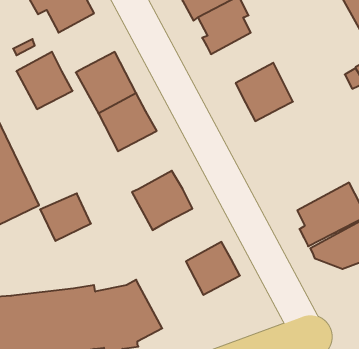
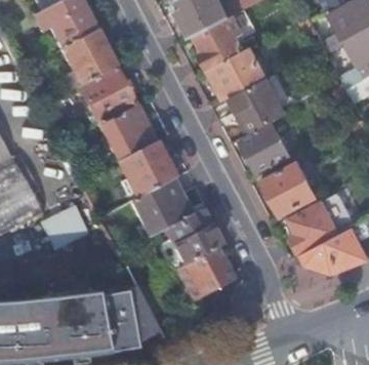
building: none -> [206,46,266,102]
building: [16,52,73,109] -> [61,31,115,85]
building: none -> [239,121,291,174]
building: none -> [118,143,173,198]
building: none -> [261,161,317,215]
building: none -> [165,209,222,266]

